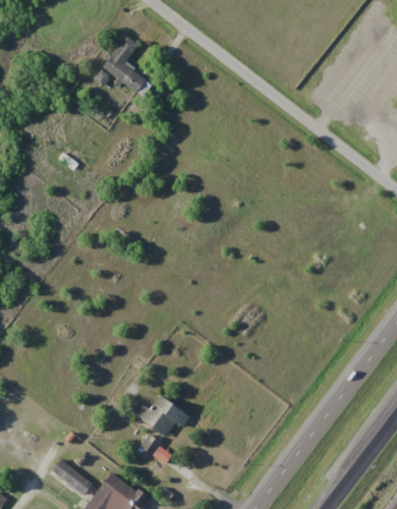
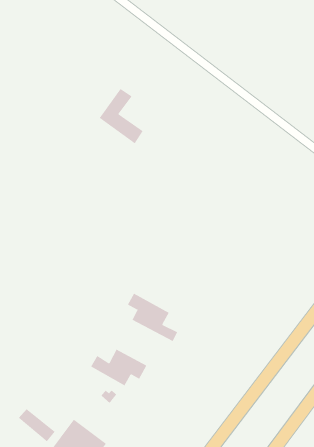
building: [101,36,150,97] -> [99,88,144,144]
building: none -> [127,293,178,342]

